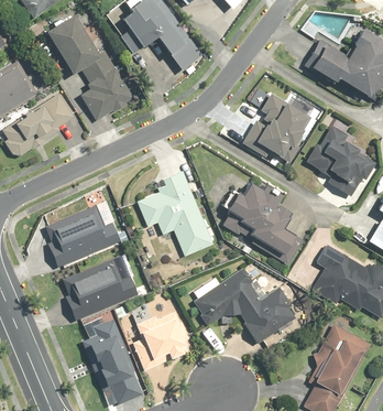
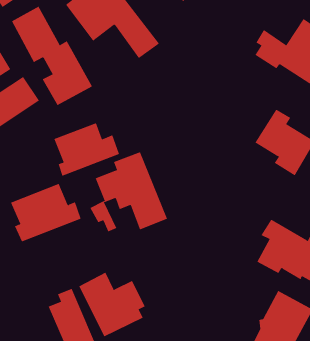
building: [244,95,311,161] -> none
building: [225,187,303,269] -> none
building: [66,260,138,318] -> [54,122,120,176]
building: [193,269,299,344] -> none

